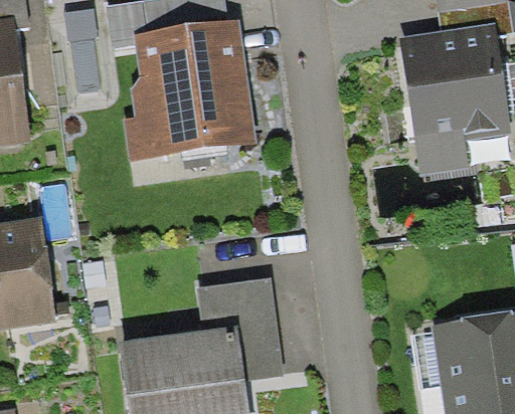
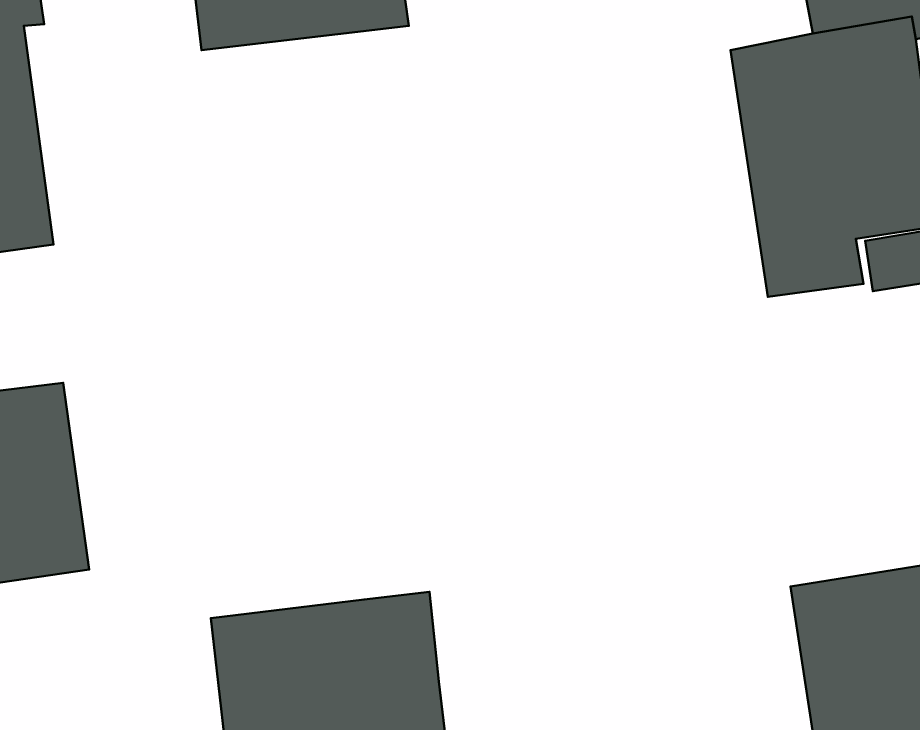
building: [130,29,248,153] -> none
building: [196,277,283,379] -> none

